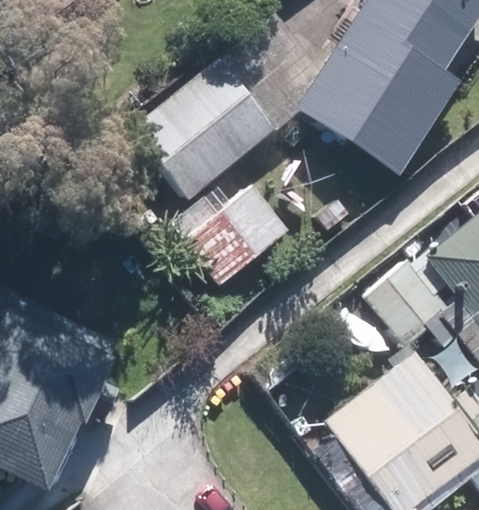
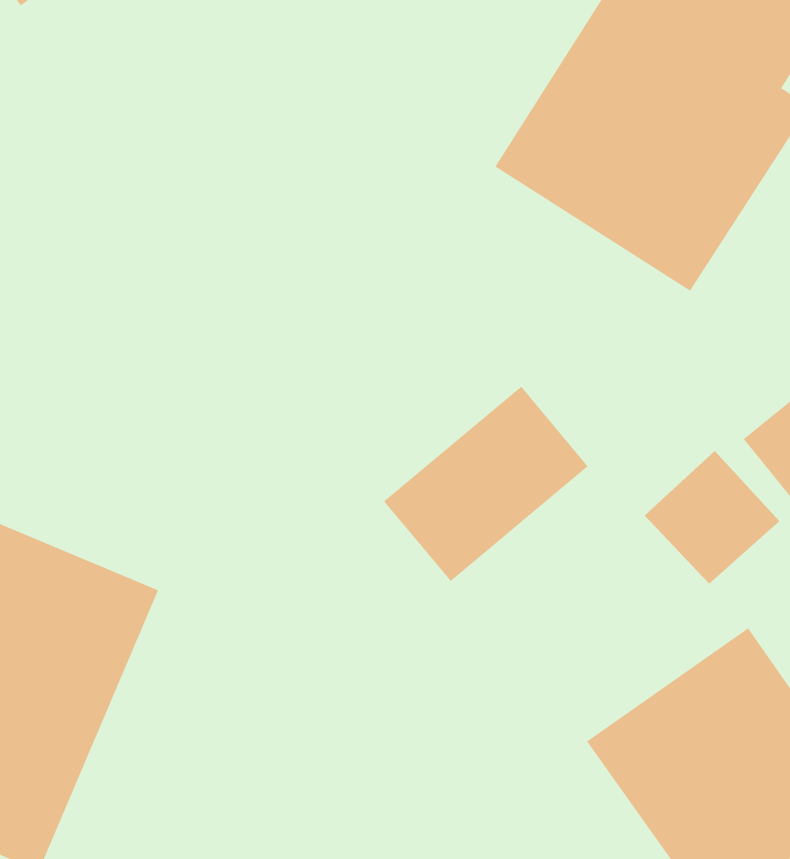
building: [133,60,277,201] -> none
building: [179,178,289,283] -> [383,386,589,582]

